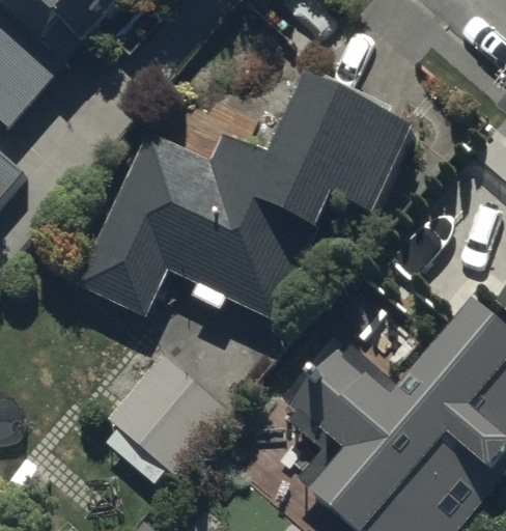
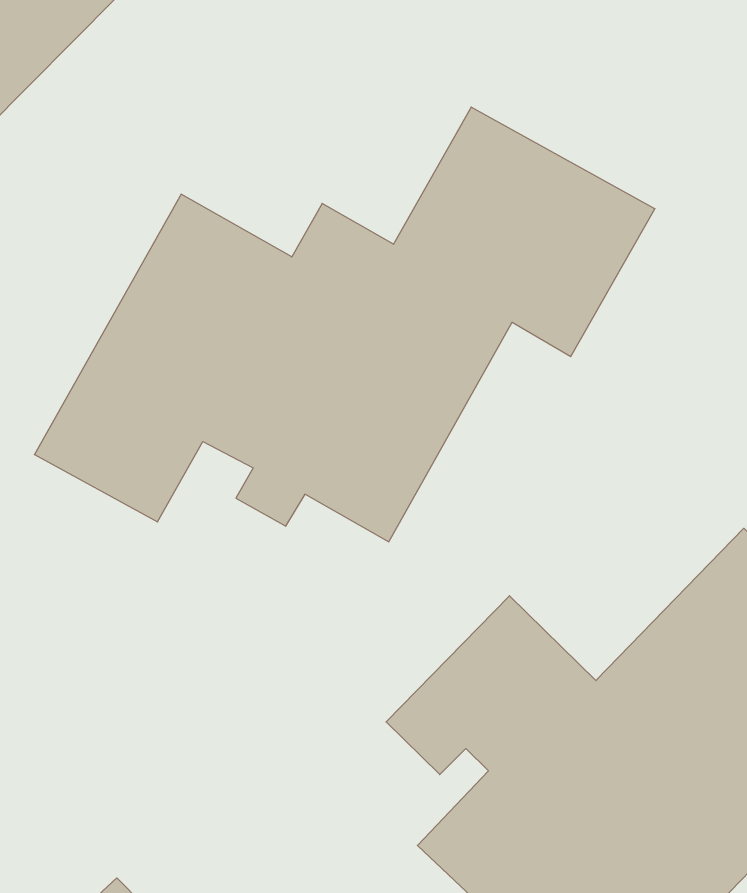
building: [100,354,225,482] -> none

